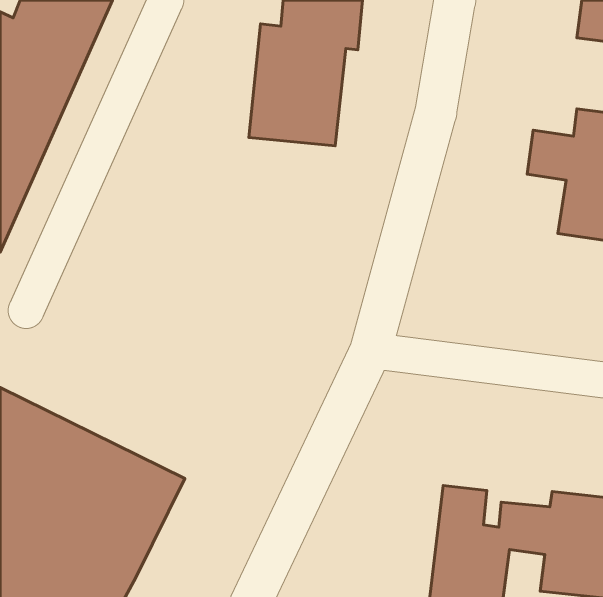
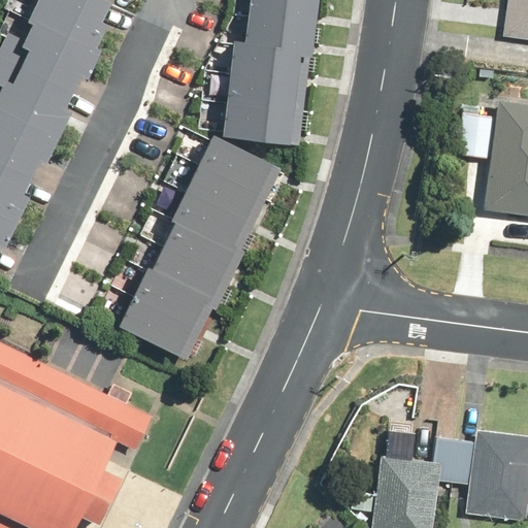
building: none -> [119,130,278,354]

